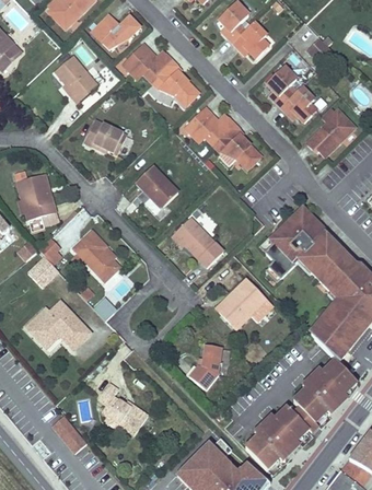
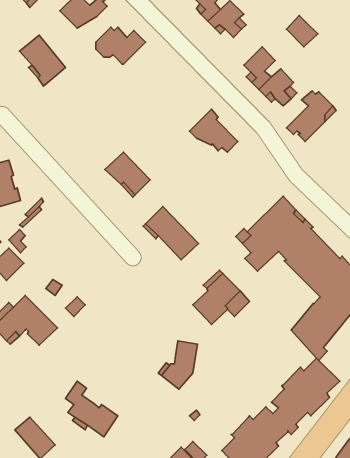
building: [153,61,199,102] -> none
building: [189,110,236,145] -> none
building: [84,119,127,154] -> none
building: [73,230,120,281] -> none

